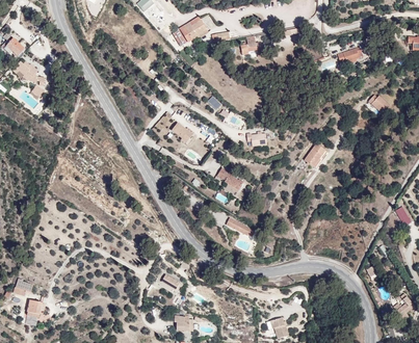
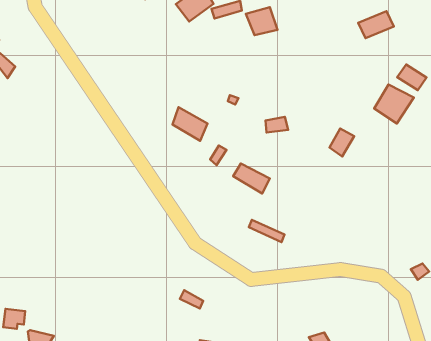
building: none -> [374,84,414,123]

